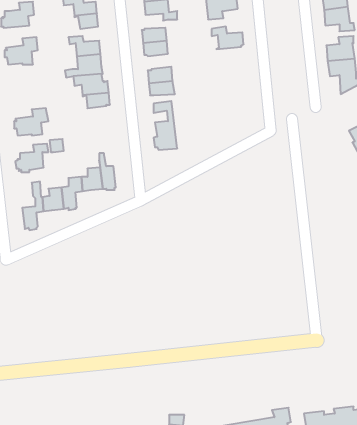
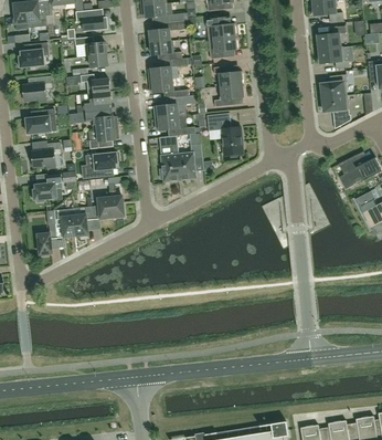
building: none -> [214,84,245,106]
building: none -> [25,108,56,133]
building: none -> [208,112,244,157]
building: none -> [179,145,201,179]
building: none -> [82,151,120,178]

